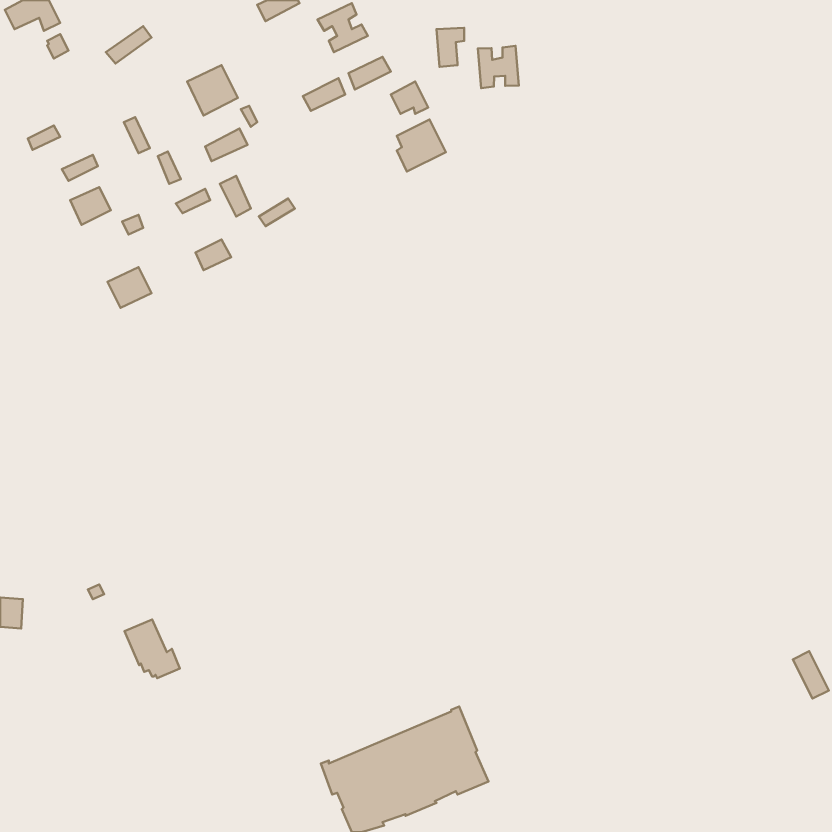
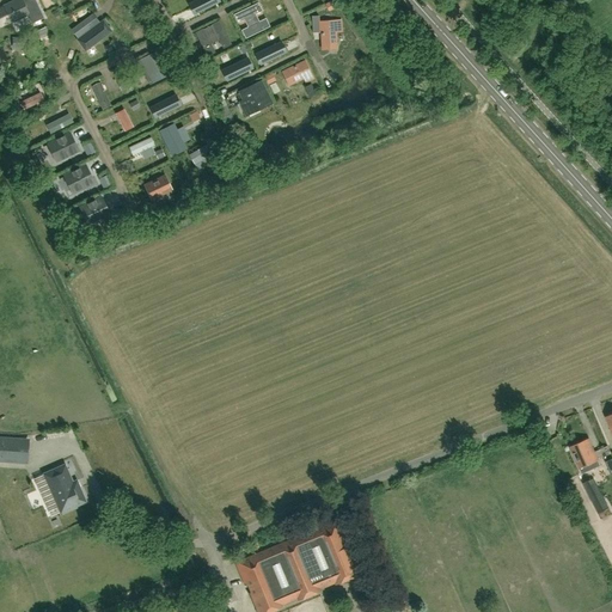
building: none -> [195,20,232,56]
building: [478,46,519,88] -> none
building: [397,119,446,172] -> [238,79,274,117]
building: none -> [63,164,96,194]
building: none -> [569,439,600,475]
building: [125,620,180,678] -> [44,466,85,509]

